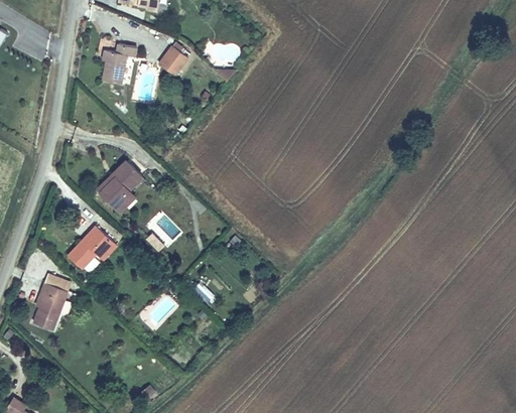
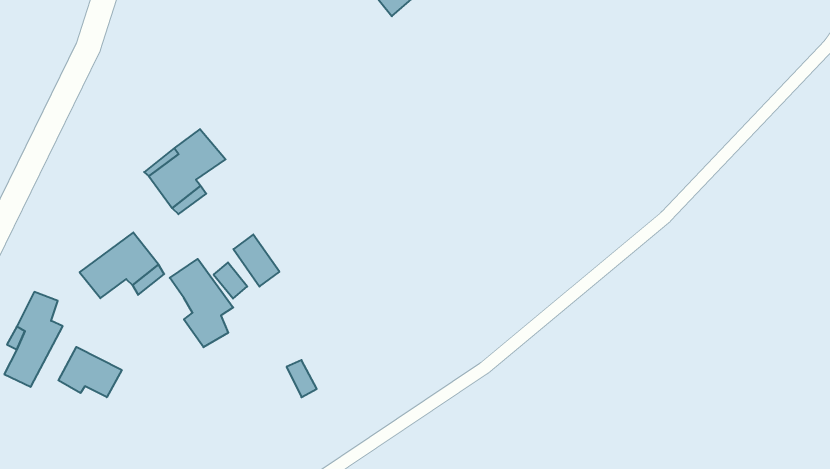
building: none -> [170,259,233,347]
building: none -> [58,347,122,397]

